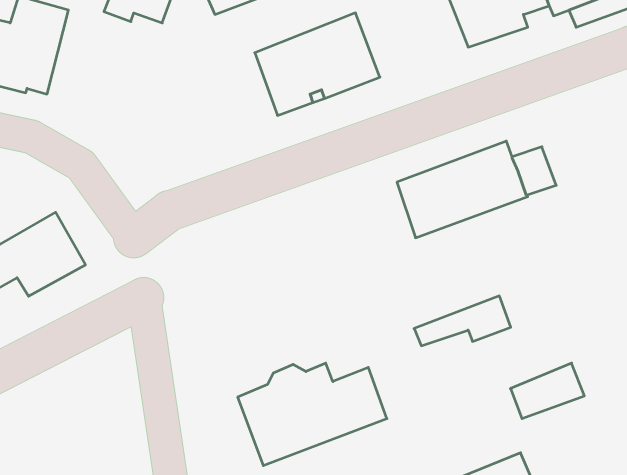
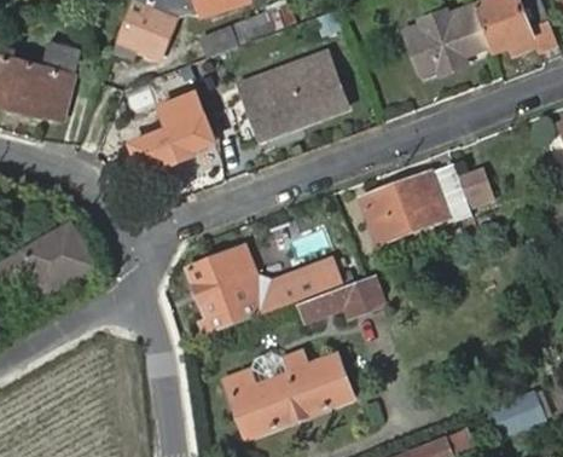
building: none -> [133,97,210,169]
building: none -> [187,245,341,334]
building: [414,296,511,346] -> [300,278,382,320]
building: [510,363,584,419] -> [487,391,550,438]

